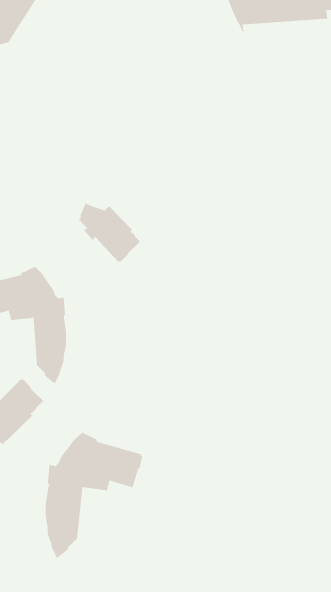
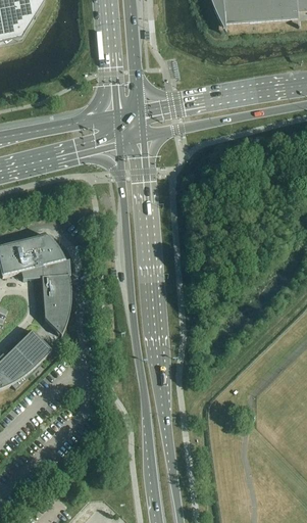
building: [78,203,141,263] -> none
building: [45,432,143,559] -> none

